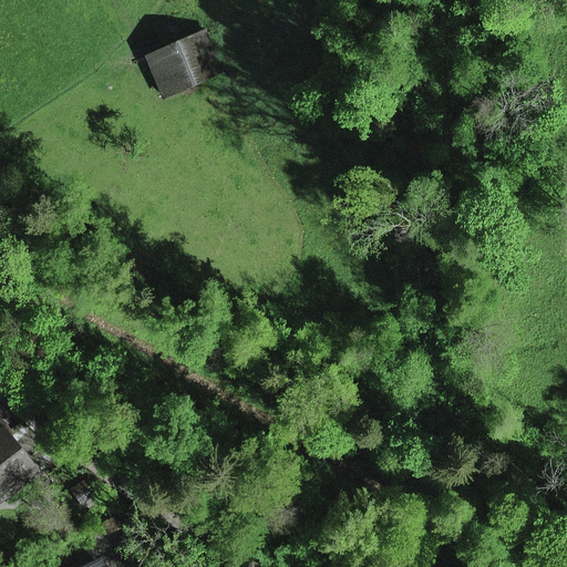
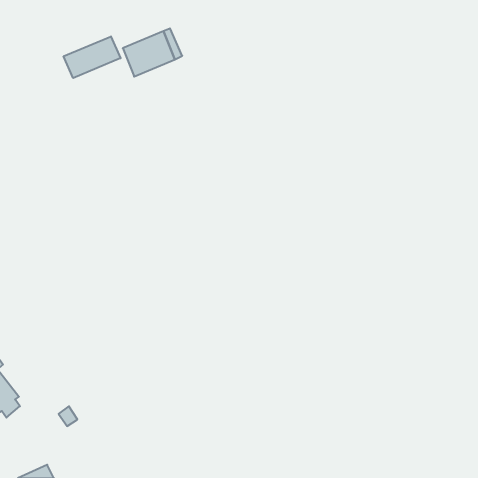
building: none -> [64,36,121,78]

